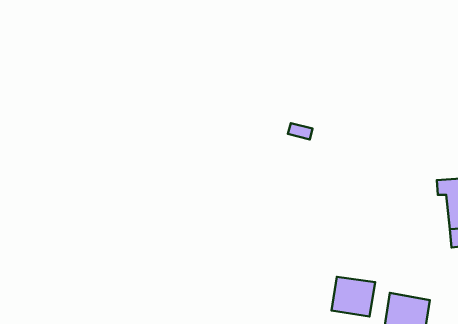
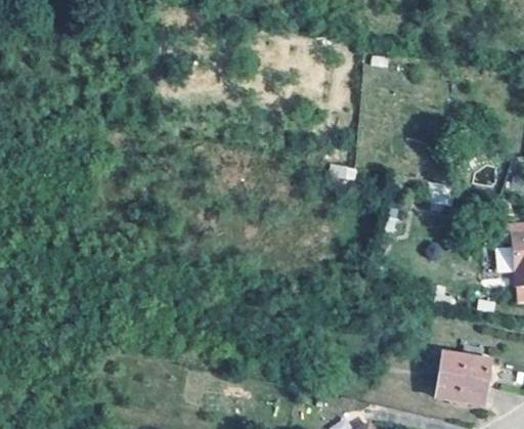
building: [332,277,375,316] -> none

